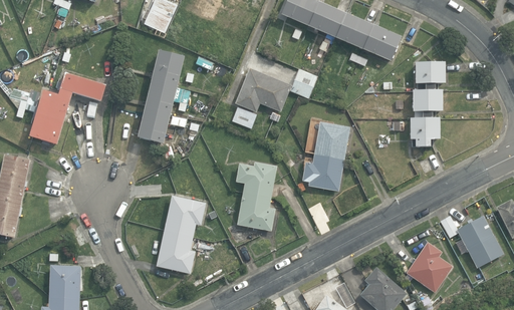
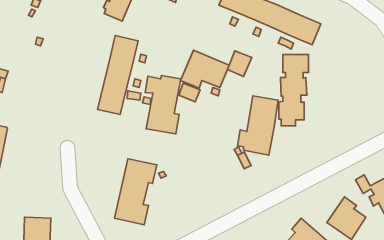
building: [409,62,444,146] -> [279,55,308,126]
building: [28,72,104,144] -> none
building: [235,162,277,231] -> [145,75,181,134]

